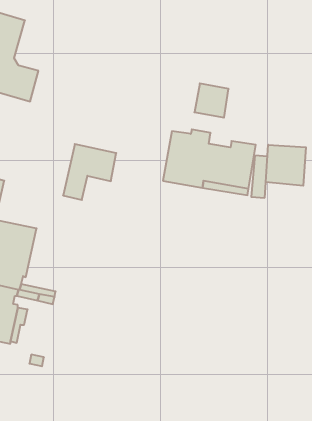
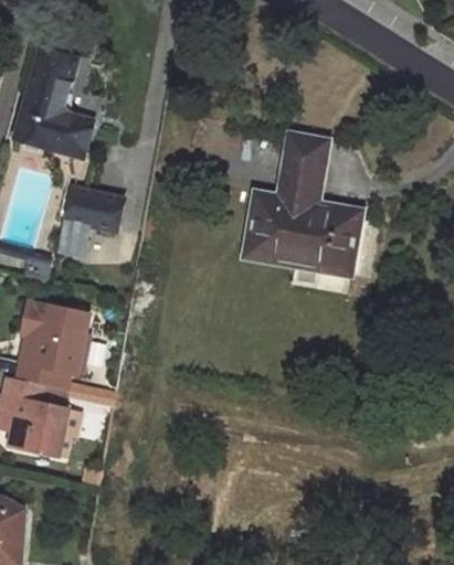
building: none -> [281,171,329,214]
building: [63,144,116,200] -> [57,186,123,255]
building: [266,145,306,186] -> none

